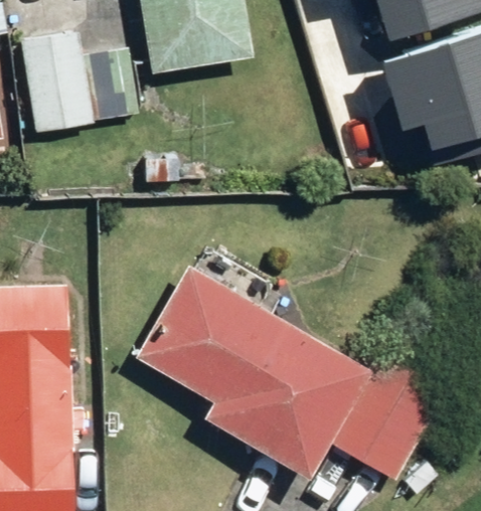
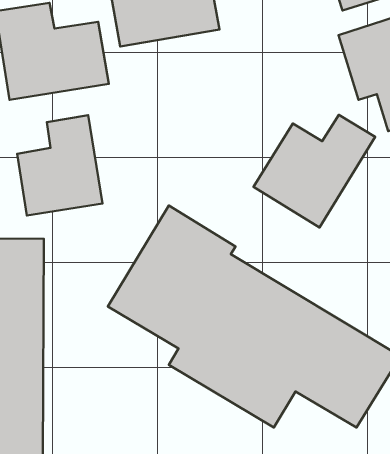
building: none -> [254,115,375,228]
building: none -> [17,115,102,215]

